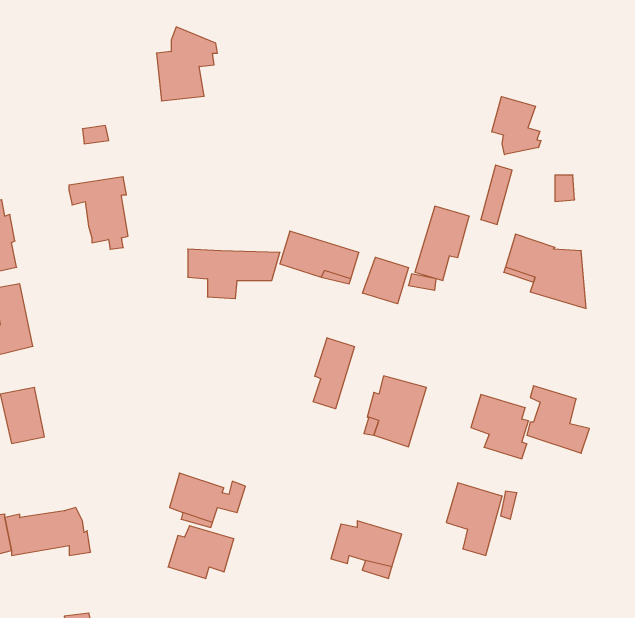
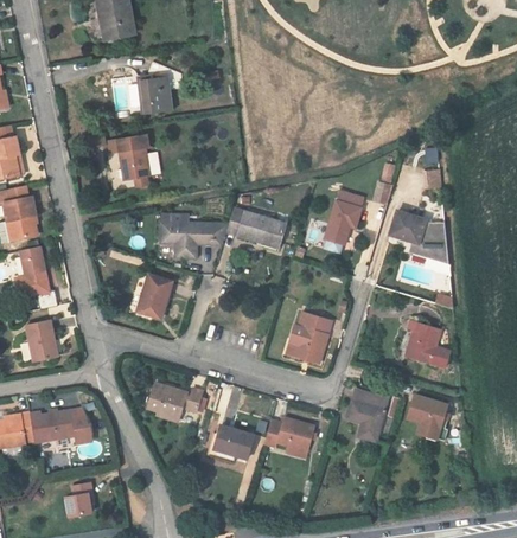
building: [492,97,541,155] -> none
building: [69,177,128,249] -> [108,133,151,185]
building: [363,257,409,304] -> none
building: none -> [138,274,173,318]
building: [313,338,354,409] -> none
building: [471,395,529,459] -> [408,393,449,440]
building: [168,526,234,578] -> [206,424,254,462]

